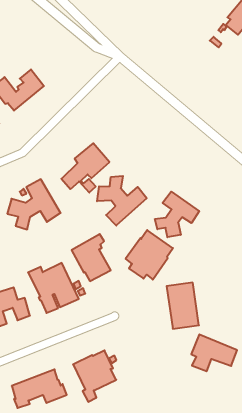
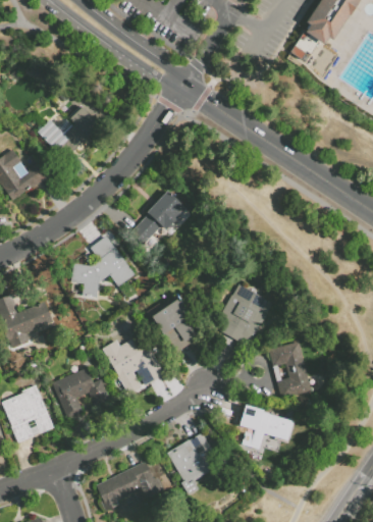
building: [97,176,147,226] -> none
building: [155,192,199,237] -> none
building: [191,334,237,371] -> [238,407,292,450]

